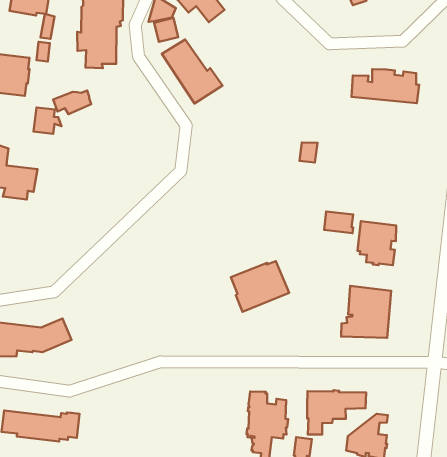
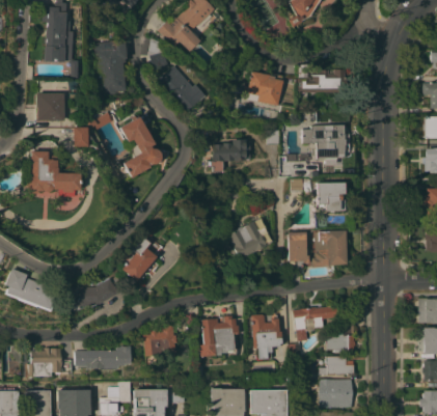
building: none -> [243,72,283,106]
building: none -> [118,117,159,177]
building: none -> [302,126,348,164]
building: none -> [206,140,249,172]
building: none -> [121,233,163,281]
building: none -> [288,232,308,273]
building: none -> [199,315,239,357]
building: none -> [142,325,175,356]

